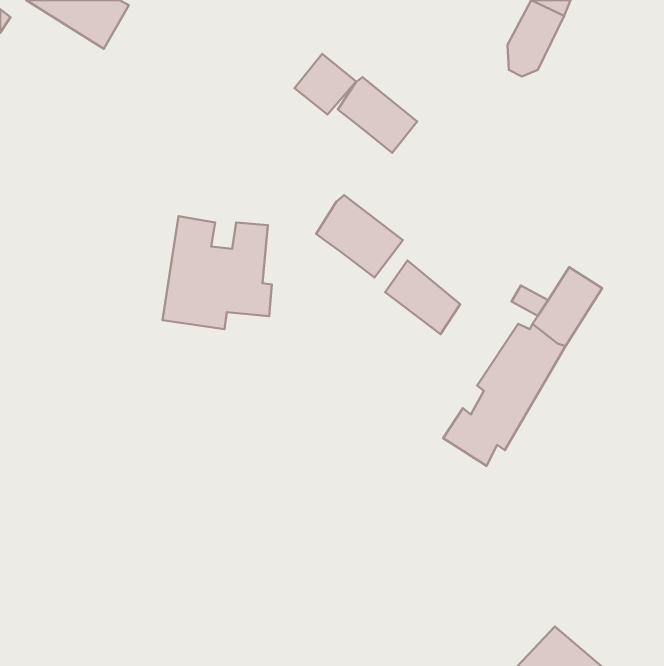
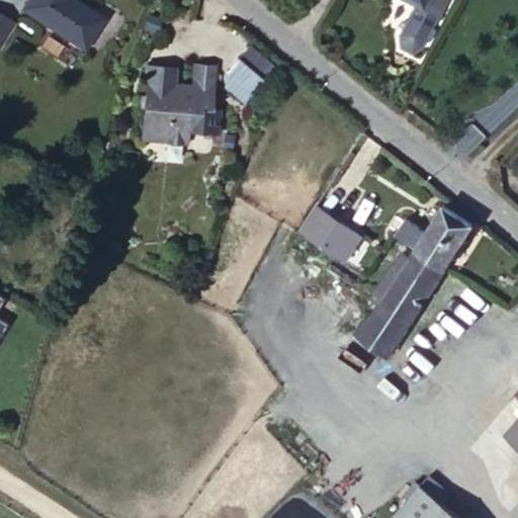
building: [338,77,417,153] -> none
building: [316,195,403,278] -> none
building: [163,216,272,329] -> [133,59,217,146]

